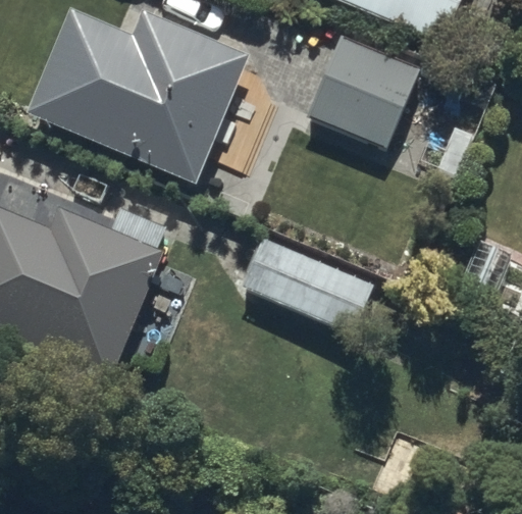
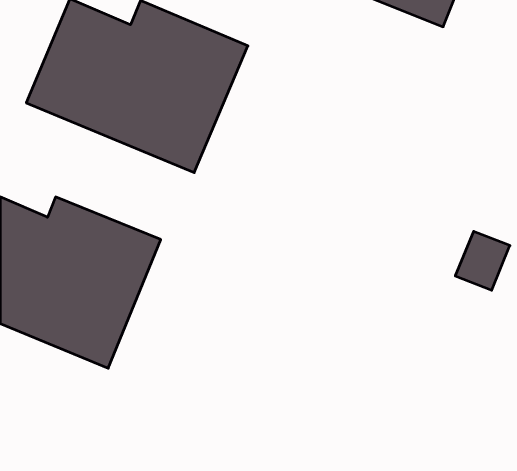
building: [309,35,419,146] -> none
building: [240,233,374,332] -> none

